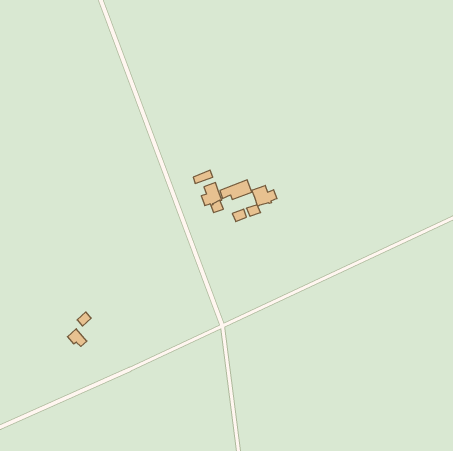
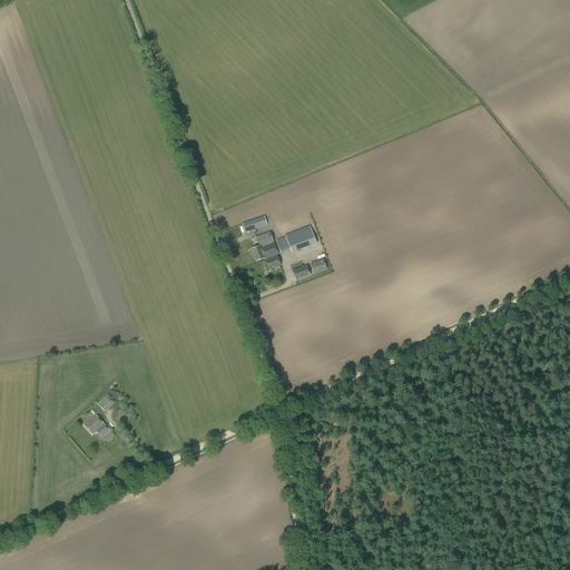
building: [252,185,277,206] -> none

